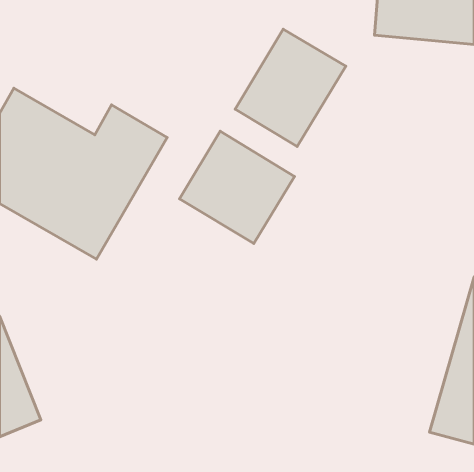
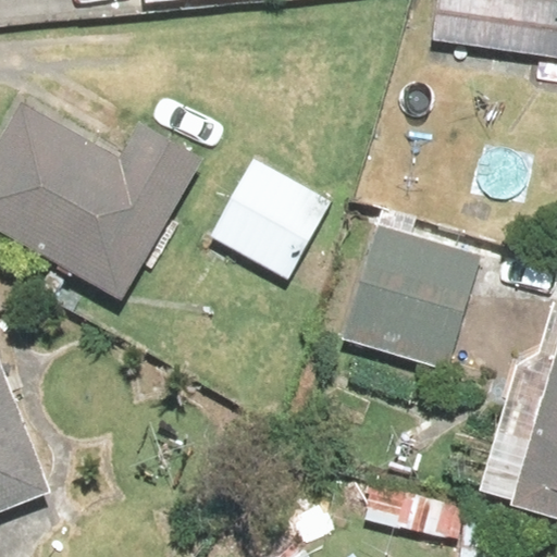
building: [235,29,346,147] -> none
building: none -> [346,214,495,372]

